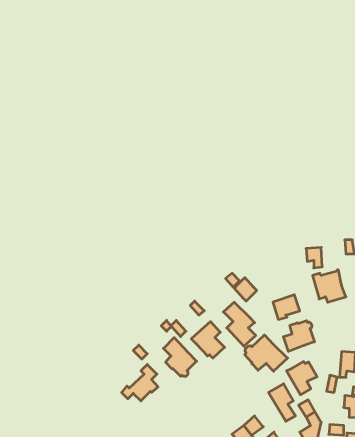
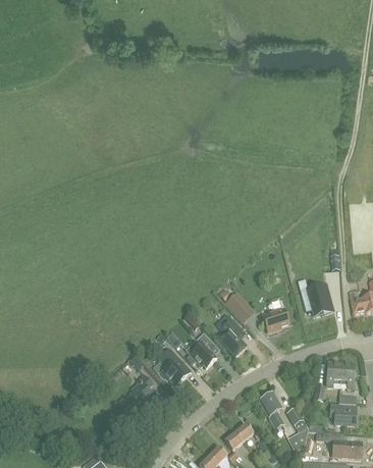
building: [283,321,314,351] -> none
building: [245,335,288,371] -> none
building: [287,362,317,395] -> none

